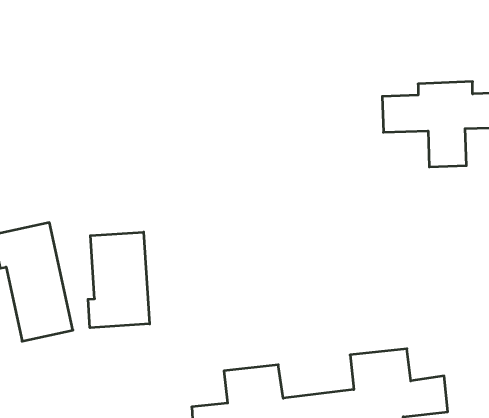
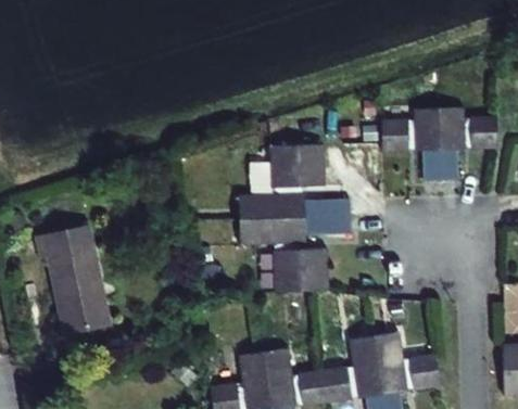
building: none -> [237,144,349,293]
building: [88,232,150,328] -> none

